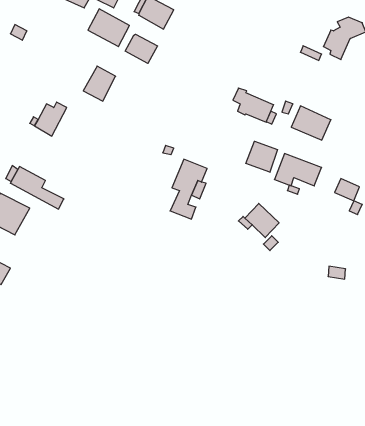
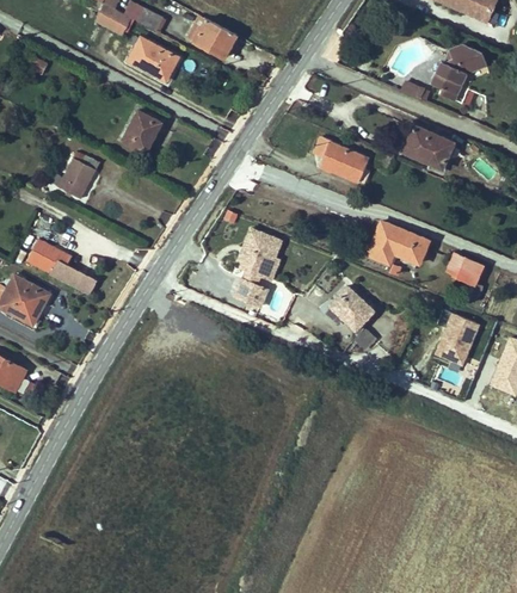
building: [125,34,158,63] -> none
building: [291,106,331,140] -> [402,125,454,169]
building: [246,141,278,172] -> none
building: none -> [433,311,479,367]

